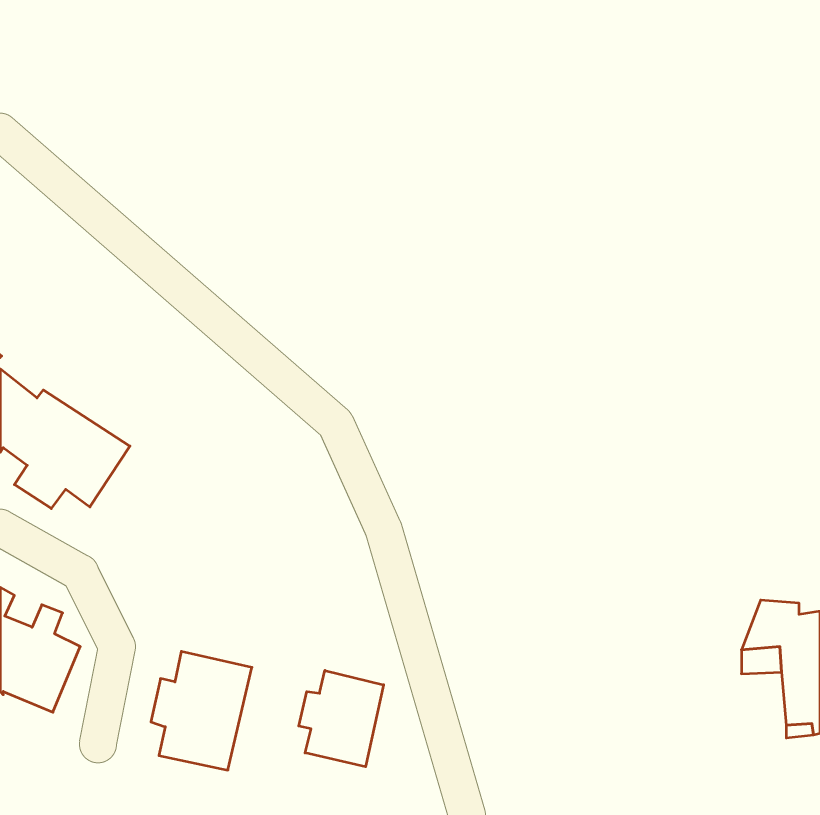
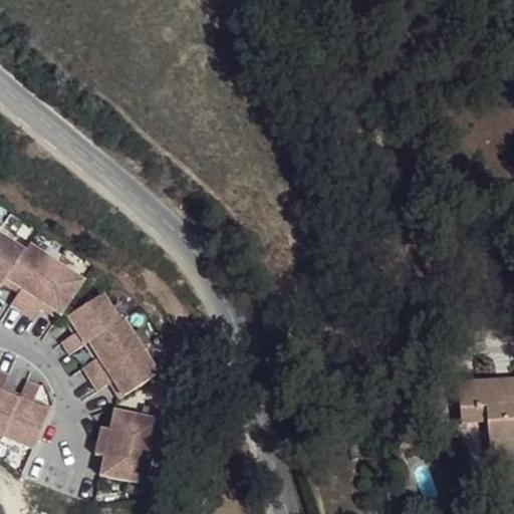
building: none -> [61,292,158,397]
building: [299,670,384,767] -> none

